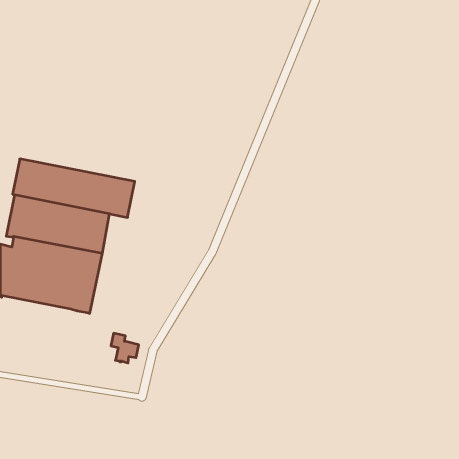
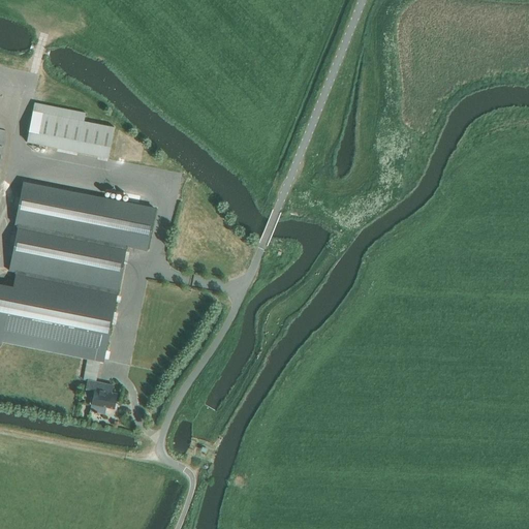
building: none -> [26,102,114,158]
building: [111,333,139,363] -> [85,380,117,414]

